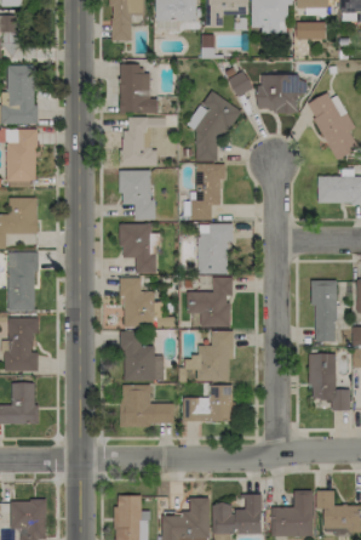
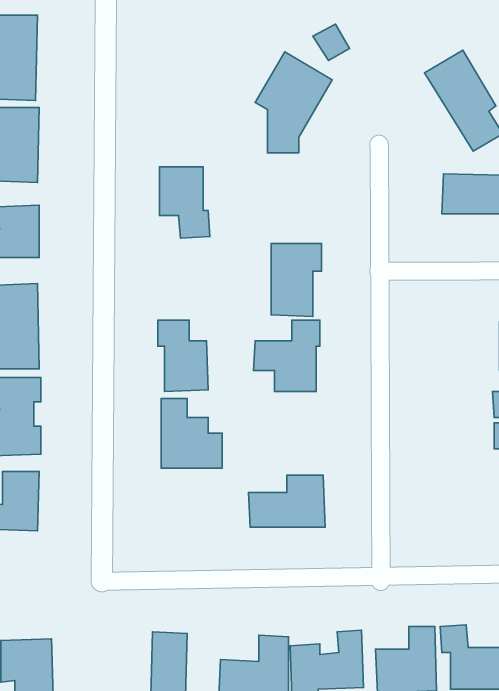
building: [119,64,157,113] -> none
building: [257,75,302,113] -> none
building: [120,118,165,167] -> none
building: [189,164,222,221] -> none
building: [120,224,157,274] -> none
building: [313,282,337,342] -> none
building: [184,331,231,382] -> none
building: [308,354,349,410] -> none
building: [120,385,176,427] -> none

